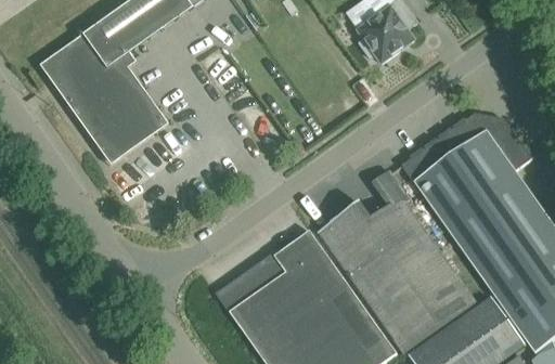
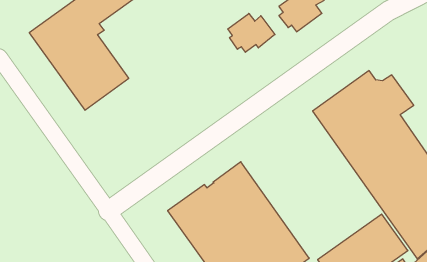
building: none -> [228,13,275,52]
building: [318,170,476,353] -> none

